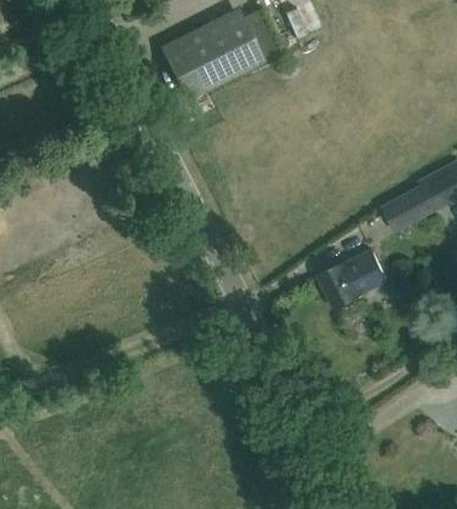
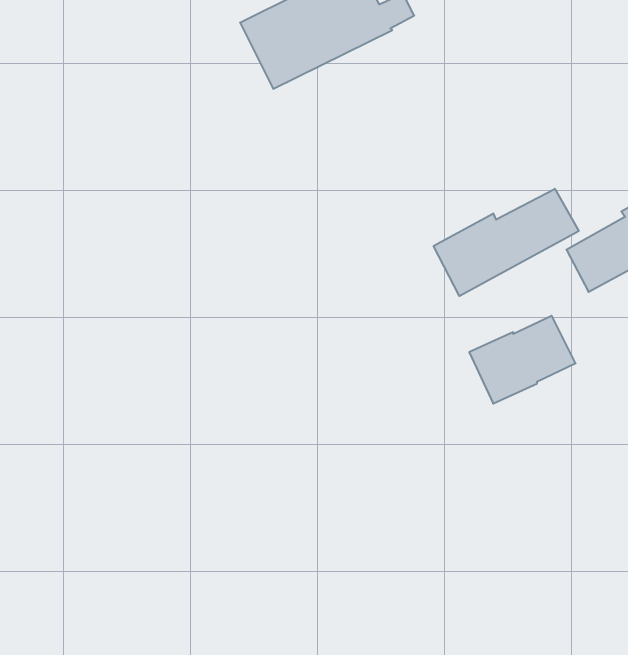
building: none -> [434,189,579,296]

